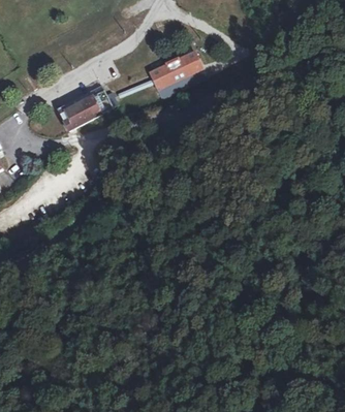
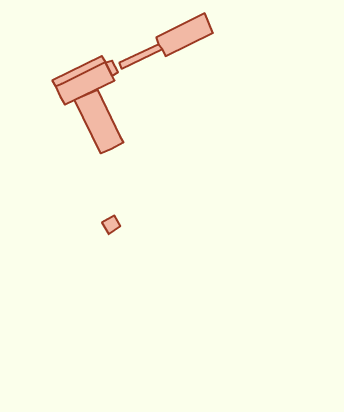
building: none -> [75,89,123,153]

